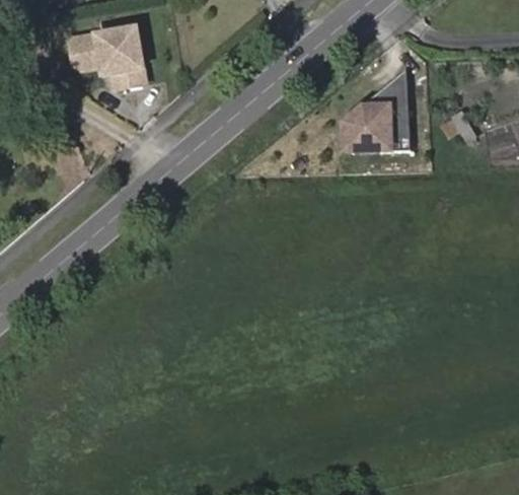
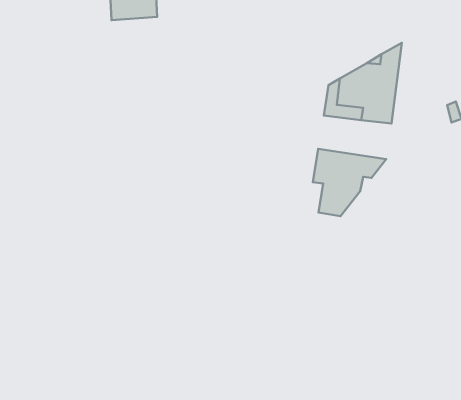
building: none -> [313,149,386,216]

